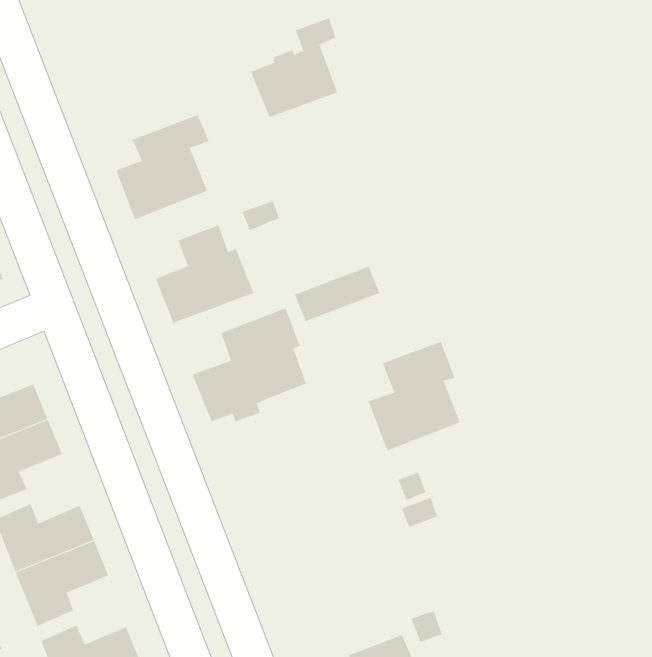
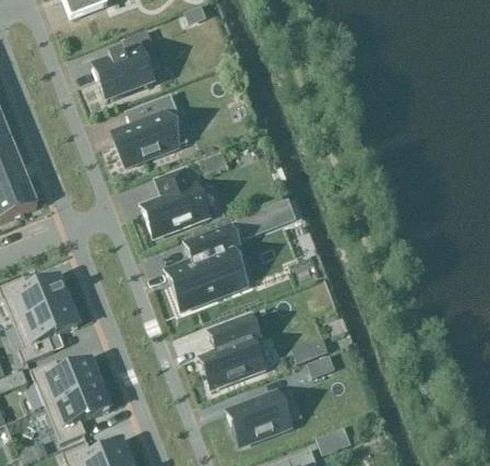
building: [250,17,338,118] -> [95,29,155,98]
building: [368,341,460,451] -> [201,312,264,387]
building: none -> [229,390,292,442]

